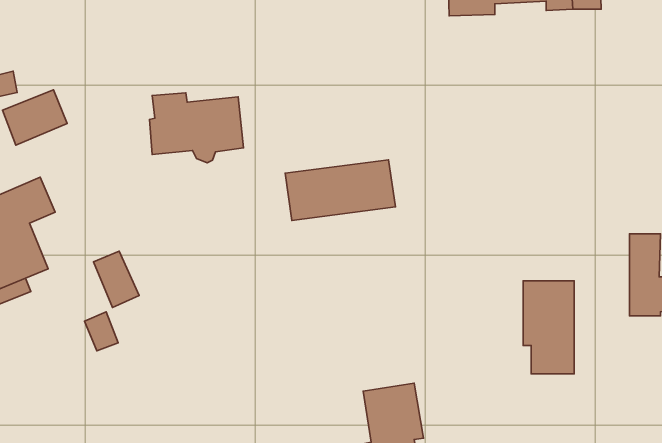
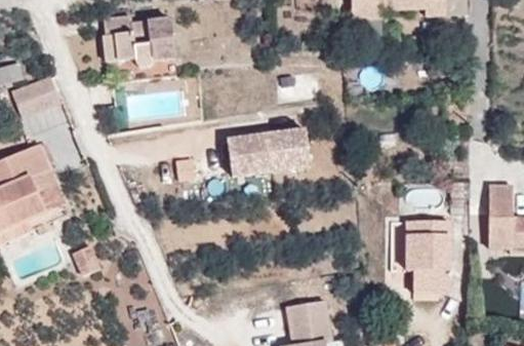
building: [149,93,244,163] -> [103,15,174,69]
building: [94,251,139,308] -> [32,169,67,213]

